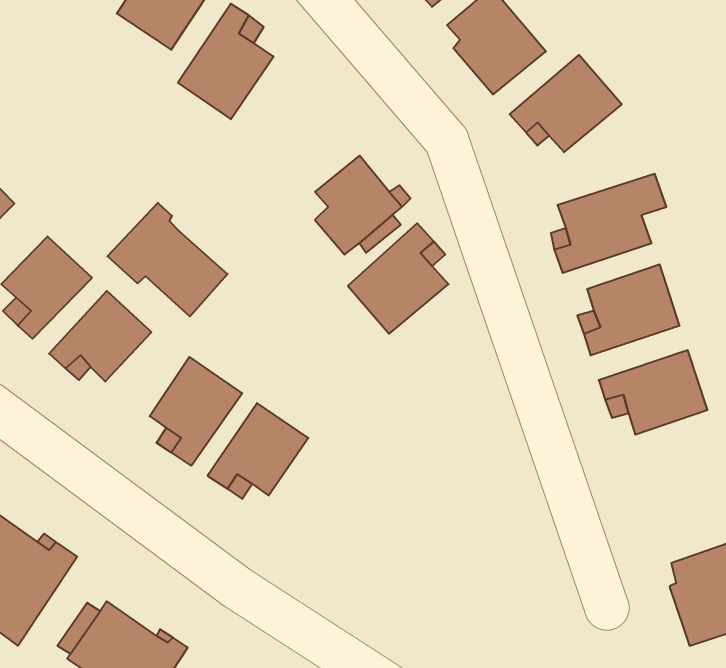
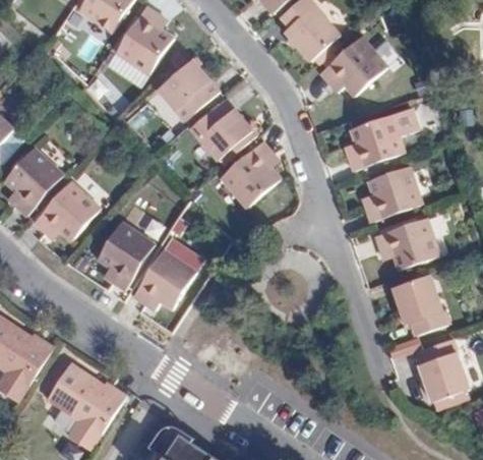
building: none -> [156,59,219,112]
building: [107,203,228,316] -> none
building: none -> [391,274,447,334]

